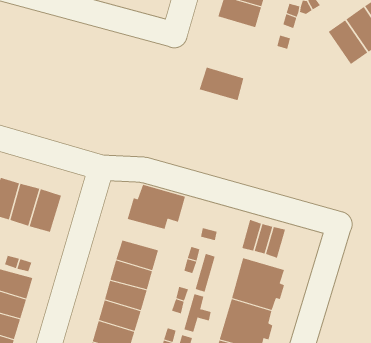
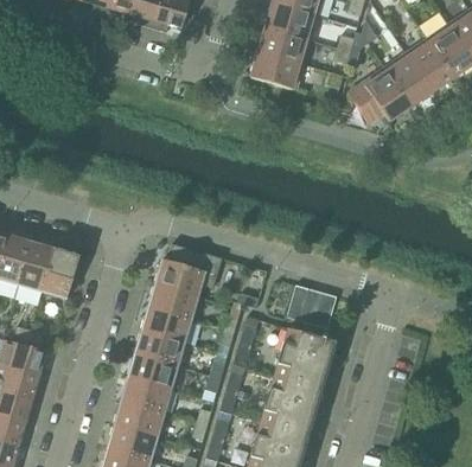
building: none -> [347,68,412,121]
building: [199,67,244,101] -> [250,50,302,89]
building: none -> [148,283,198,319]

